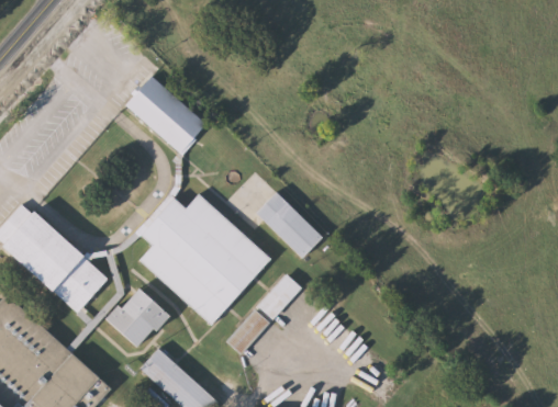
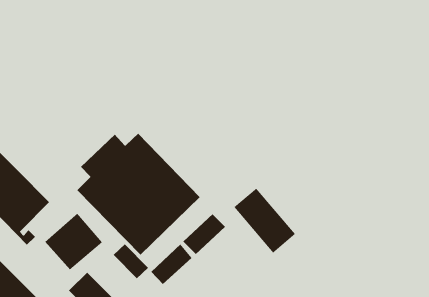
building: [124,76,207,154] -> none
building: [254,191,323,260] -> [233,188,296,253]
building: none -> [113,244,149,279]

